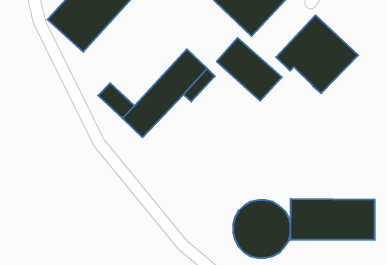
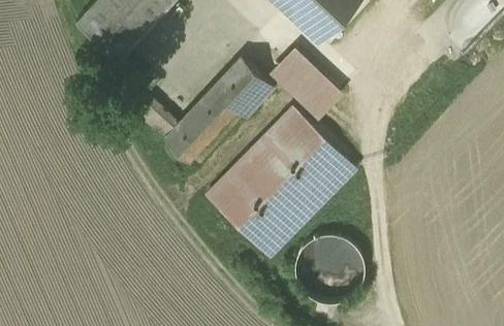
building: [276,15,358,93] -> none
building: none -> [206,109,355,259]
building: [291,199,375,240] -> none

